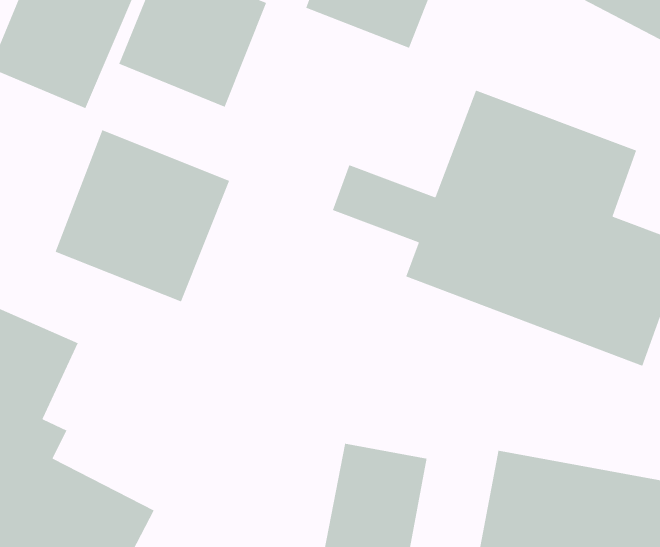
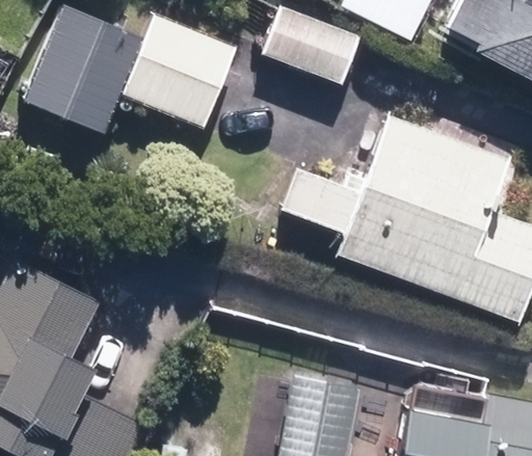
building: [54,129,230,303] -> none

